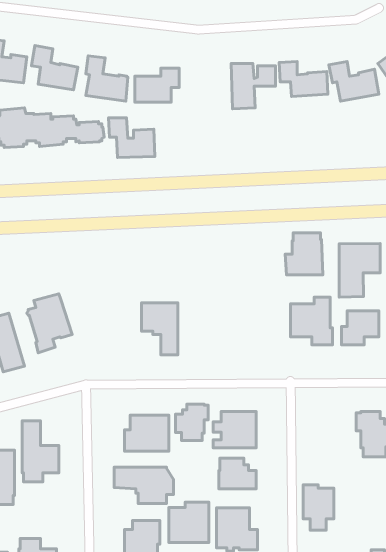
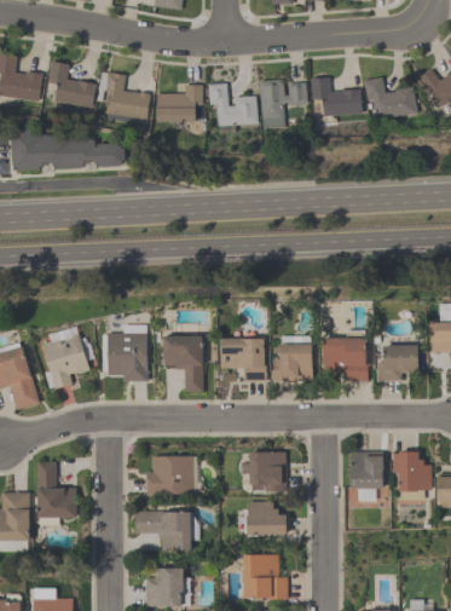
building: [108,118,155,157] -> [208,83,258,126]
building: [285,233,323,275] -> [273,335,313,380]
building: [339,243,380,297] -> none
building: none -> [221,328,267,381]
building: none -> [103,332,149,380]
building: [175,404,208,441] -> none
building: [303,485,334,530] -> [351,451,383,500]
building: [169,502,209,542] -> none

